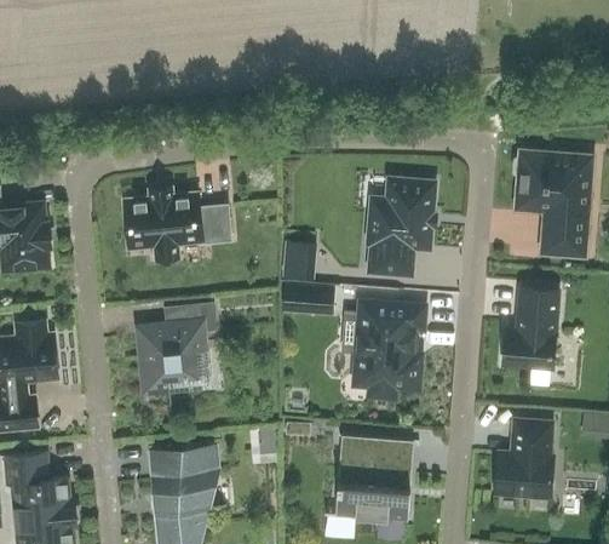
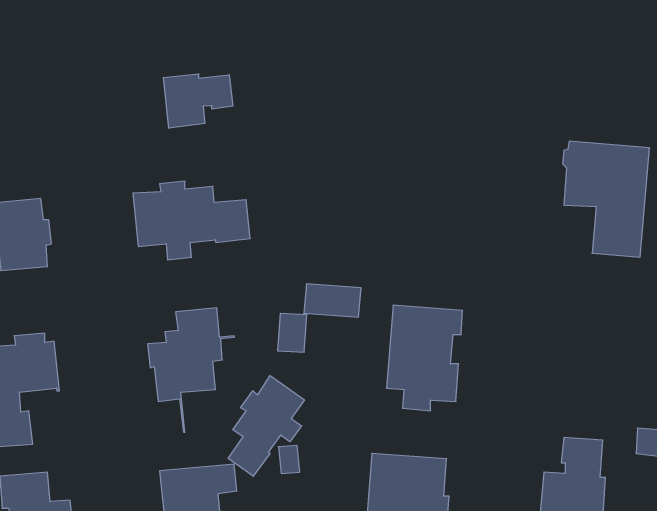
building: none -> [164,74,233,128]
building: [368,179,436,276] -> none
building: [285,242,311,277] -> [278,313,307,352]
building: [504,287,558,367] -> none
building: none -> [228,375,304,476]

